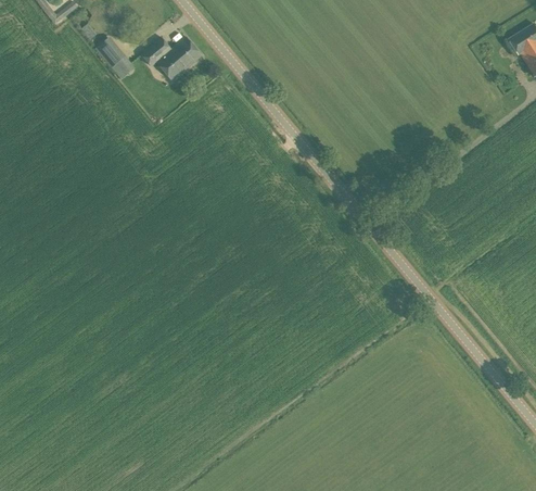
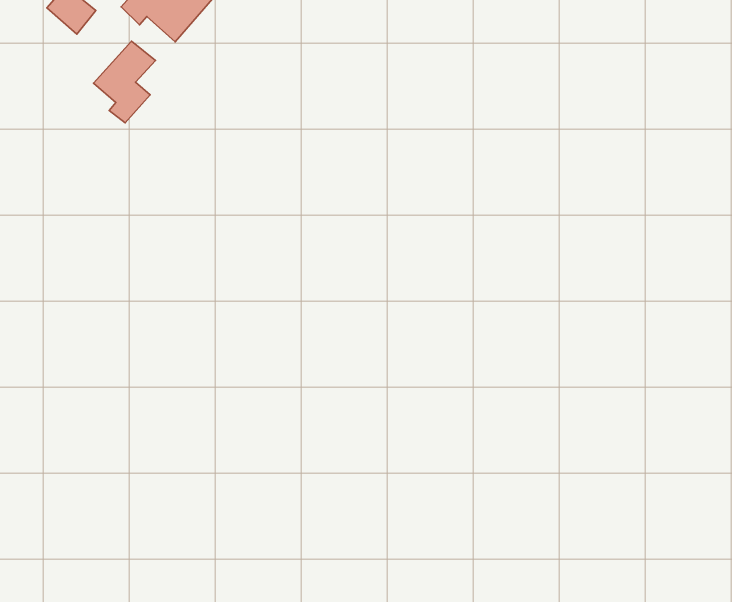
building: none -> [94,41,155,123]

